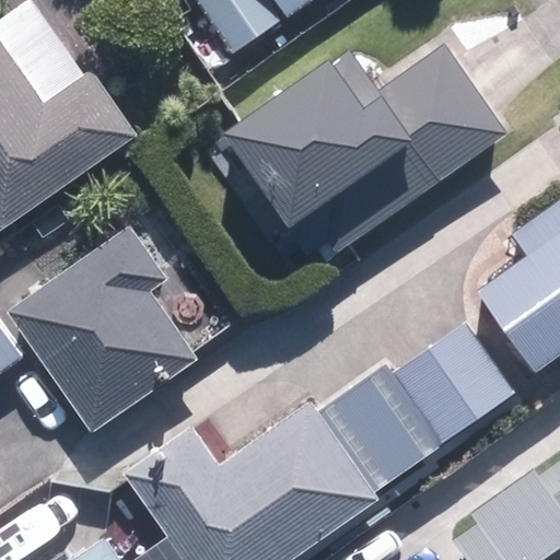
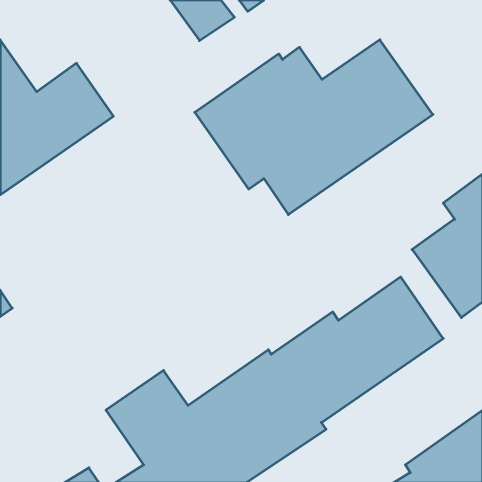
building: [9,230,195,430] -> none

